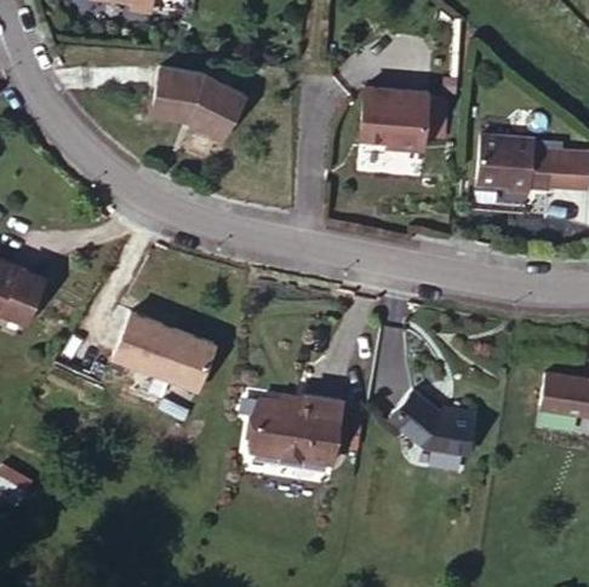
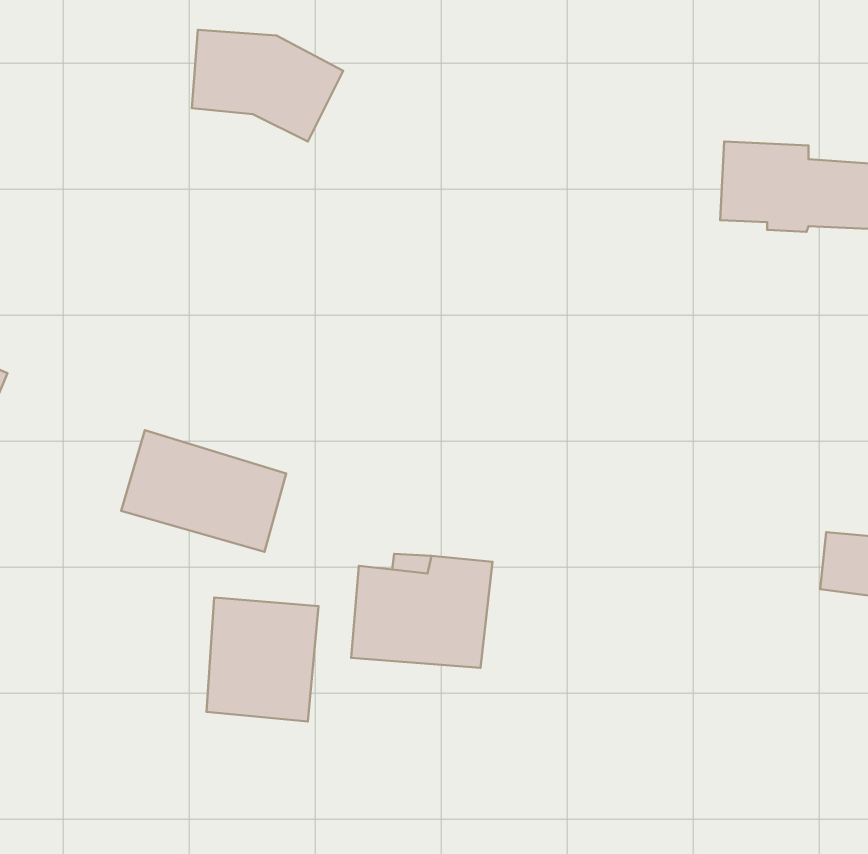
building: [364,88,430,150] -> none
building: [390,393,475,449] -> none
building: none -> [206,597,319,722]

